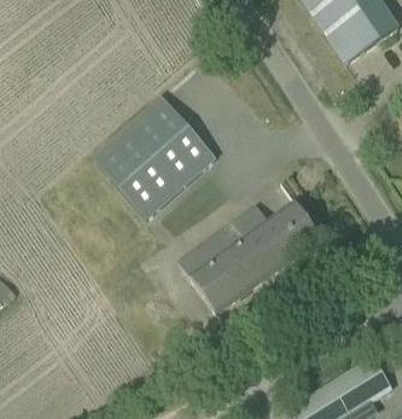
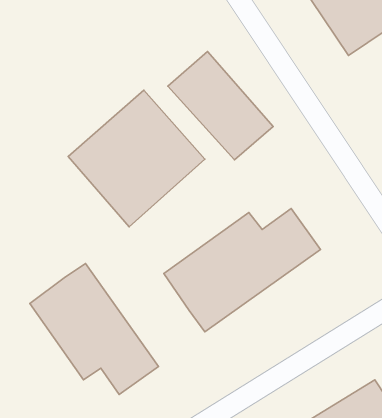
building: none -> [168,51,273,160]
building: none -> [30,263,159,395]

